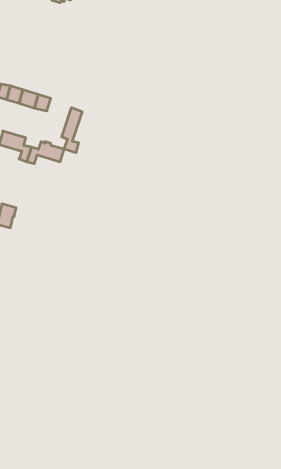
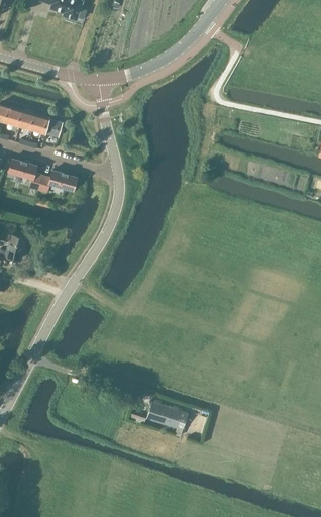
building: [62,108,82,153] -> none
building: none -> [146,402,188,437]

